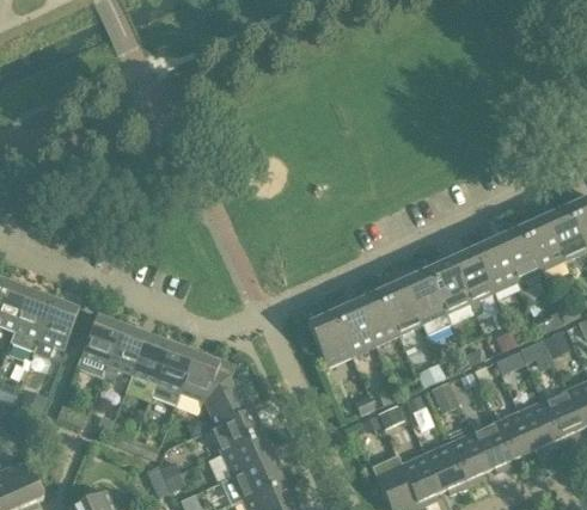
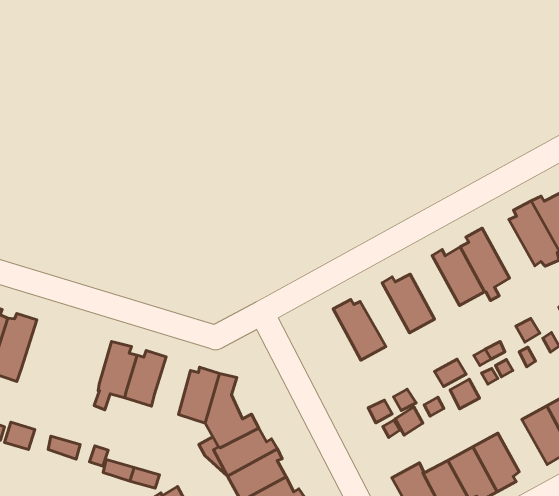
building: [472,238,518,291] -> none
building: [403,265,451,334] -> none
building: [355,287,398,345] -> none
building: [35,296,79,356] -> none
building: [307,307,351,367] -> none
building: [78,314,124,377] -> none
building: [152,339,195,404] -> none
building: [472,422,515,473] -> none

